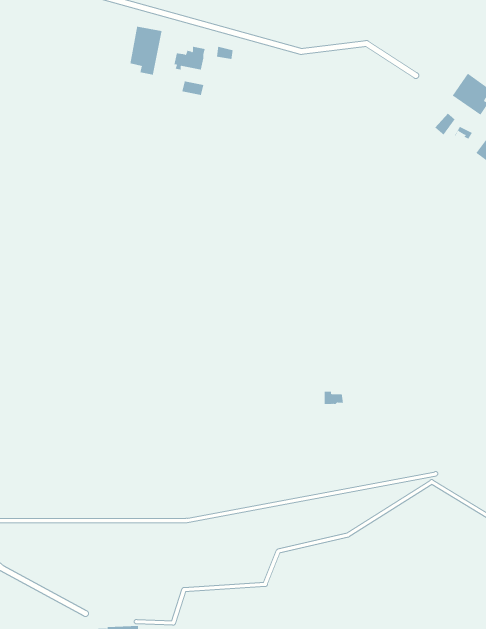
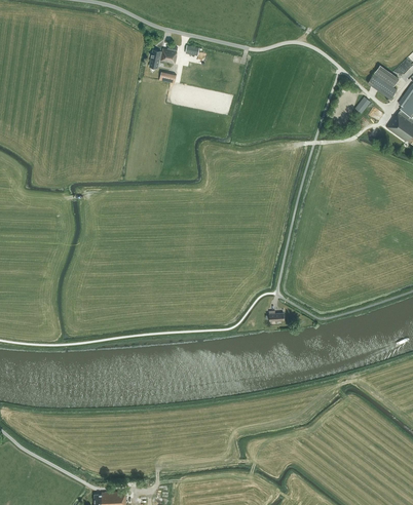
building: [130,26,162,76] -> none

